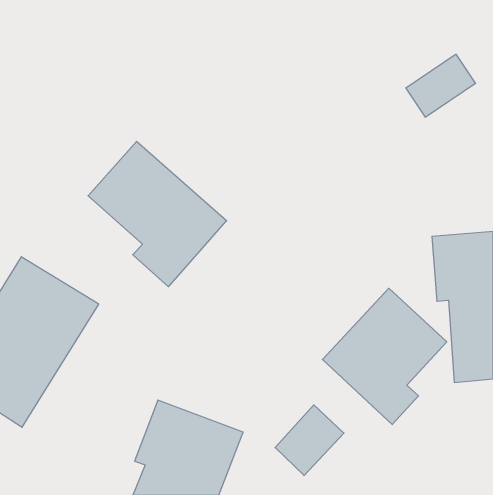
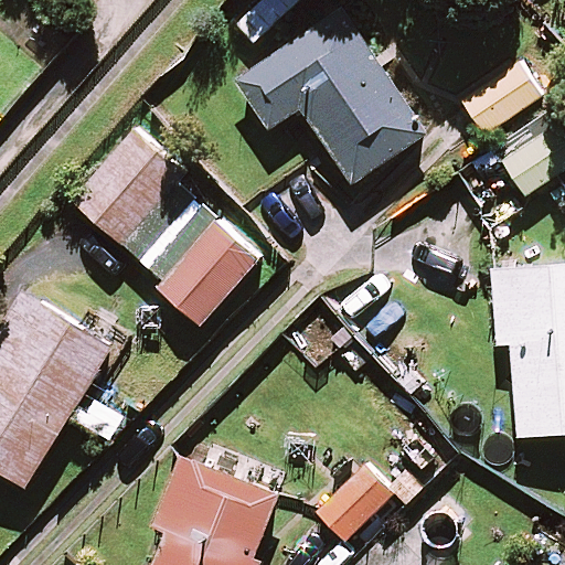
building: none -> [236,11,424,183]
building: [322,288,447,425] -> none

